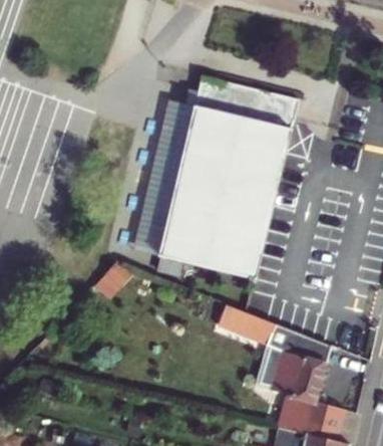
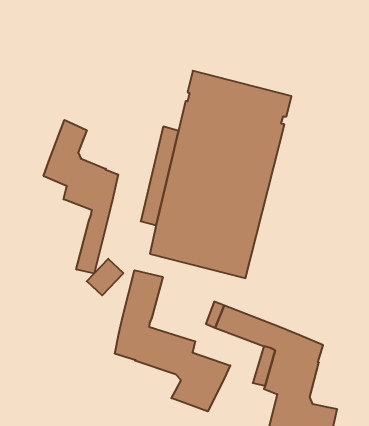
building: none -> [44,120,118,274]
building: none -> [115,270,230,411]

